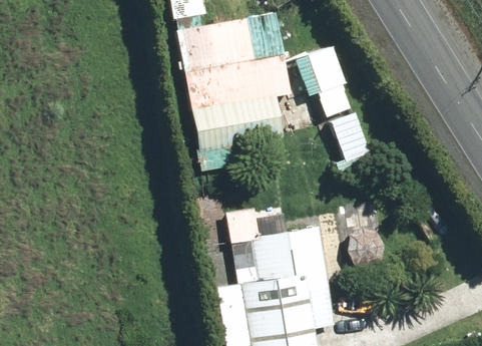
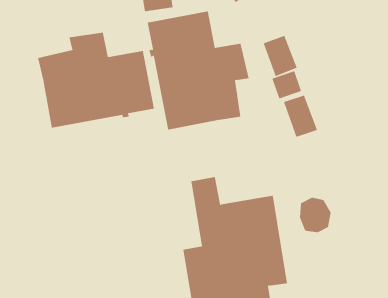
building: none -> [38,32,154,128]

